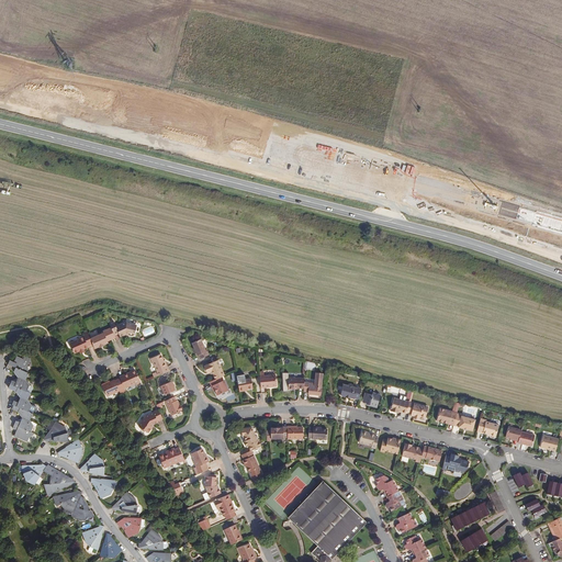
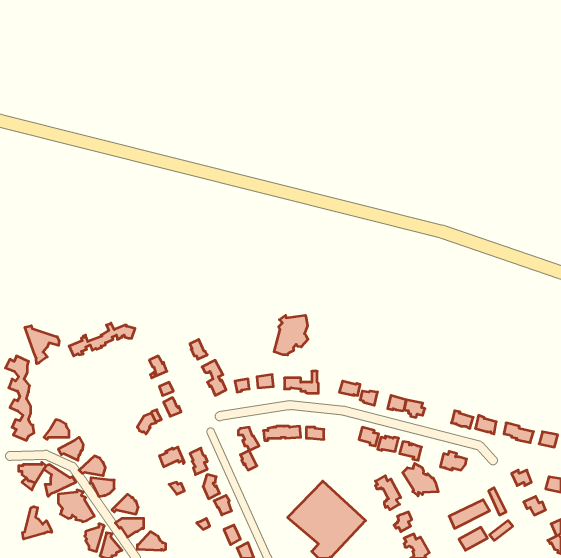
building: none -> [274,315,308,355]
building: none -> [25,326,59,364]
building: [101,372,138,397] -> none
building: none -> [403,463,438,496]
building: none -> [22,507,52,539]

